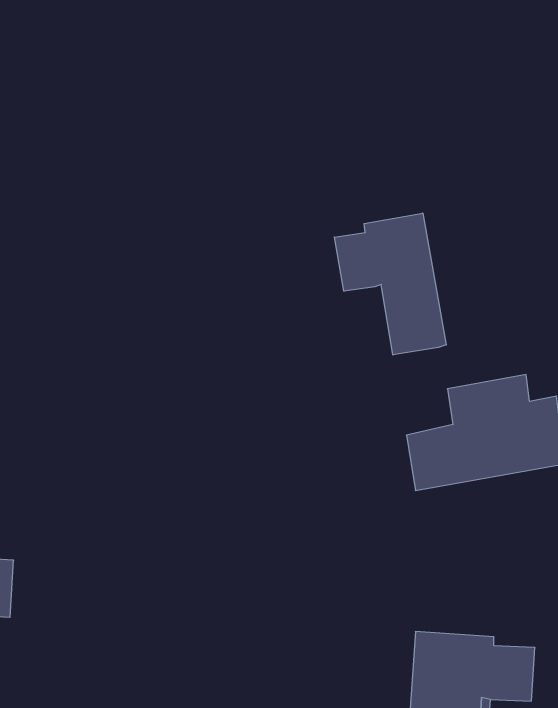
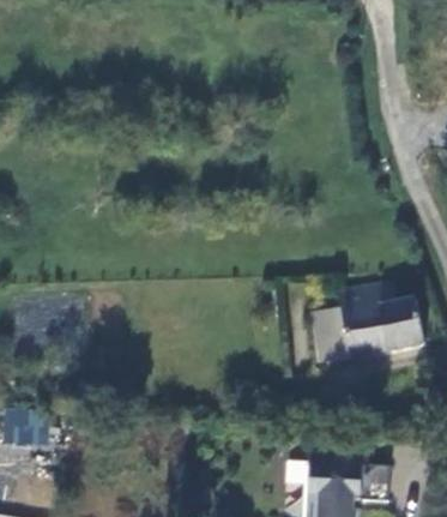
building: [334,213,446,355] -> none

